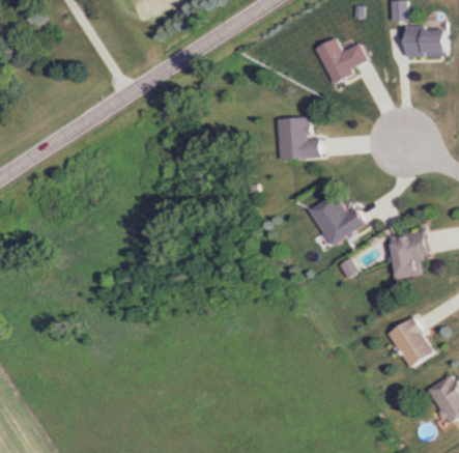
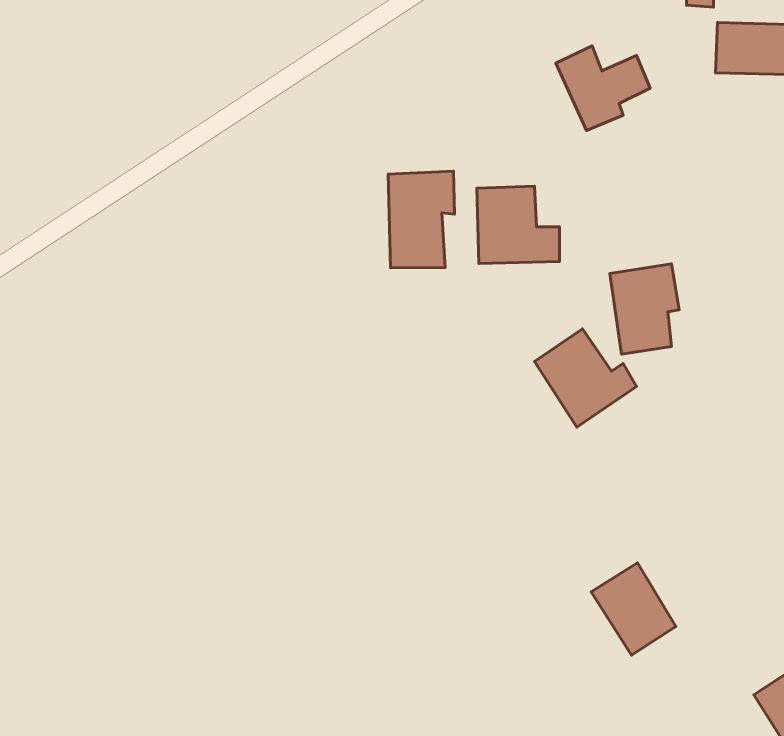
building: none -> [388,171,455,268]
building: [390,229,427,278] -> [610,264,679,354]
building: [386,317,432,367] -> [591,563,676,655]

